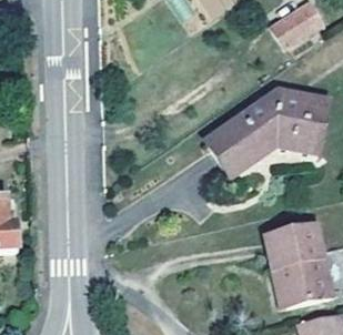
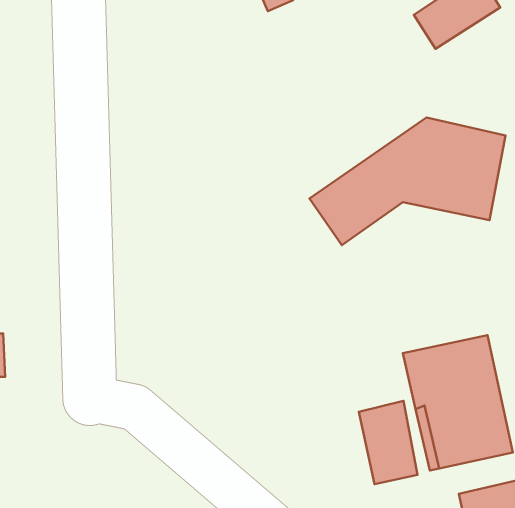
building: none -> [359,401,418,484]

